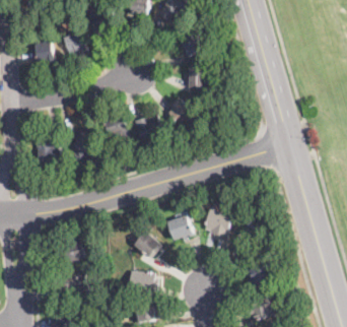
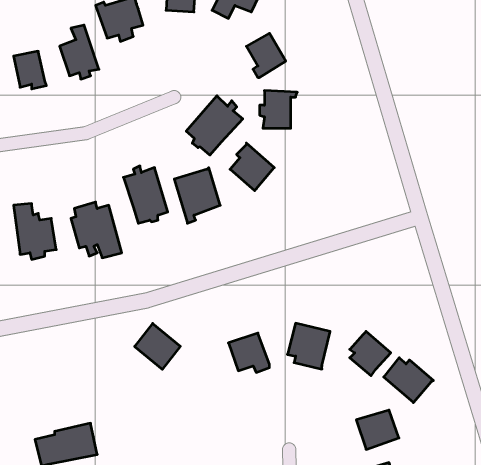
building: none -> [186,96,243,155]
building: [133,231,161,259] -> [135,323,180,369]
building: none -> [384,358,433,403]
building: [53,241,83,265] -> none
building: [128,271,157,291] -> none

